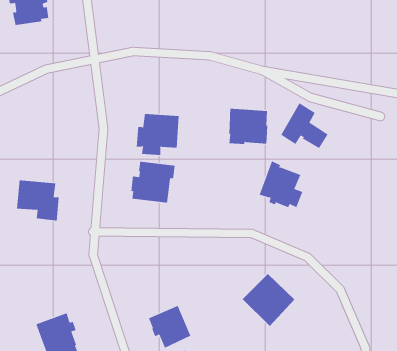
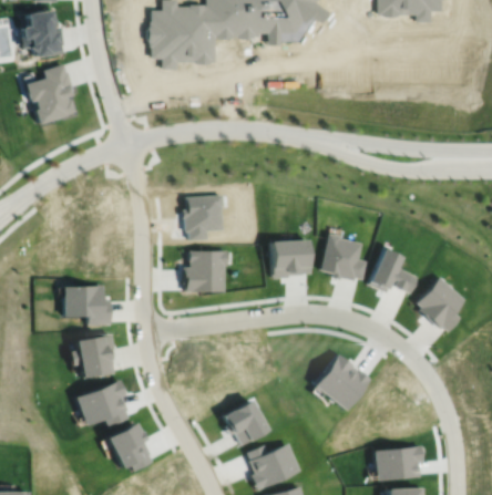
building: [280,102,329,149] -> [368,248,419,295]
building: [228,108,268,144] -> [266,238,310,278]
building: none -> [417,276,467,331]
building: none -> [70,333,114,379]
building: none -> [72,380,127,426]

